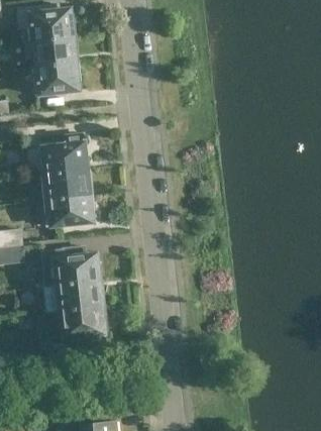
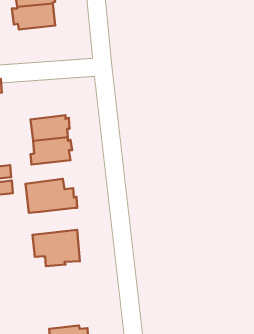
building: [32,62,80,93] -> none
building: [43,134,88,174] -> none
building: [45,279,104,311] -> none

